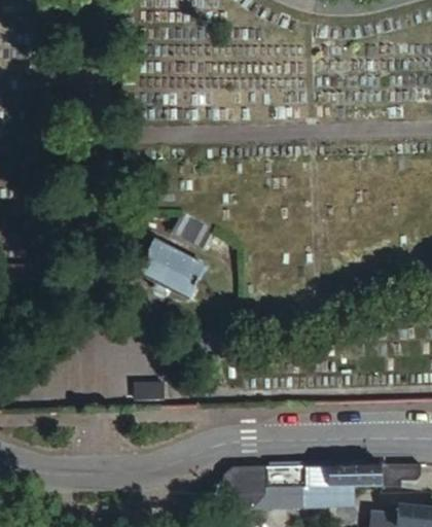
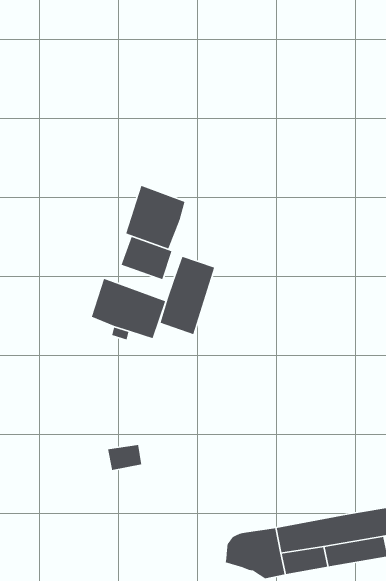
building: none -> [125,185,185,250]
building: none -> [160,256,215,335]

